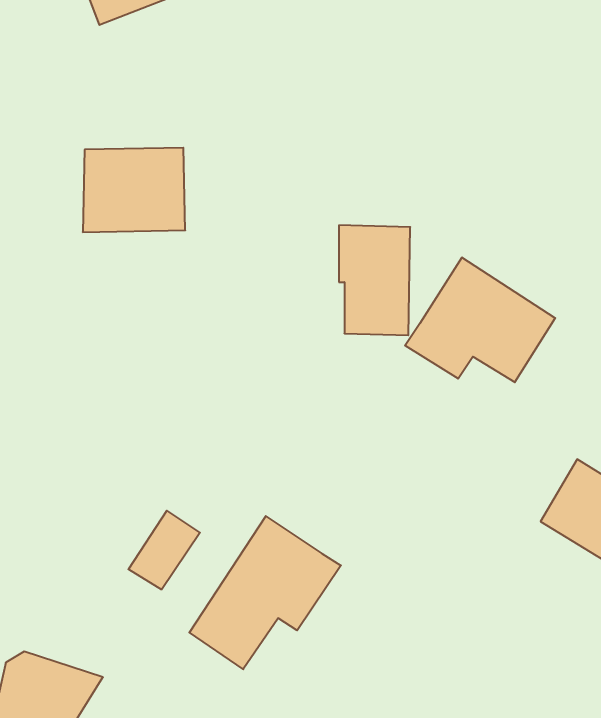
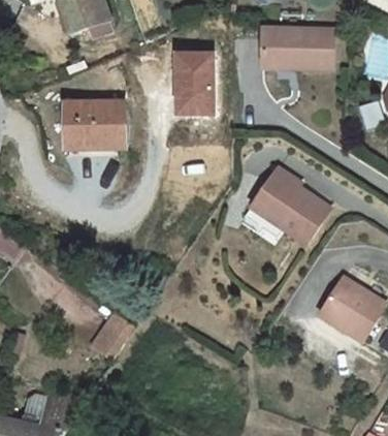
building: none -> [262,28,332,66]
building: [339,225,410,335] -> [173,58,214,120]
building: [189,516,341,669] -> none

